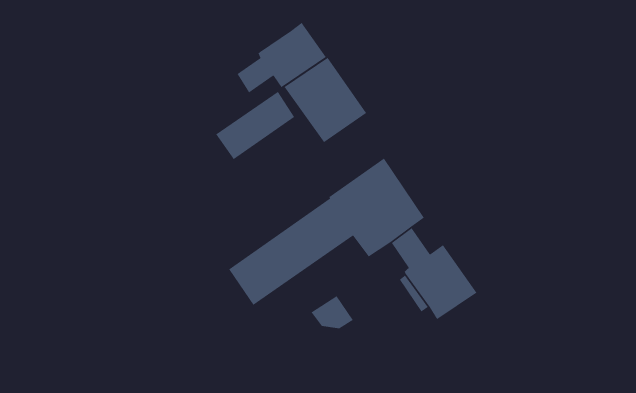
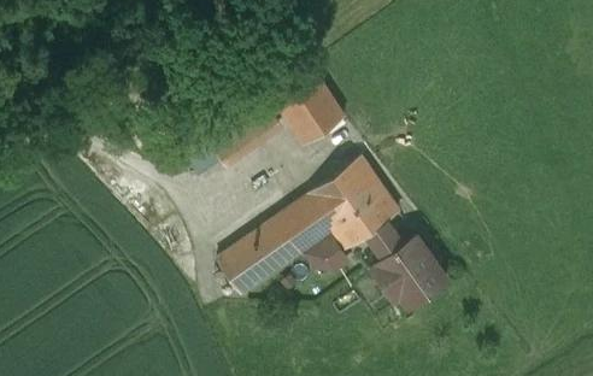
building: [236,22,327,93] -> none
building: [311,295,354,329] -> [307,240,347,271]

